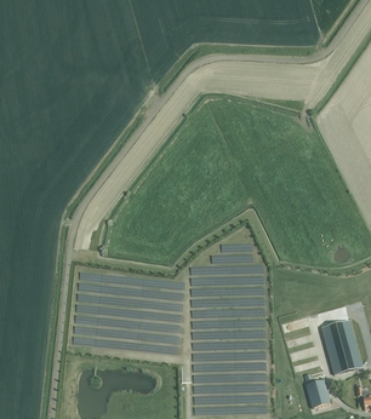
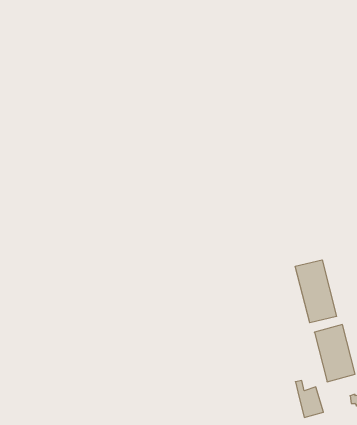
building: none -> [295,260,337,323]

